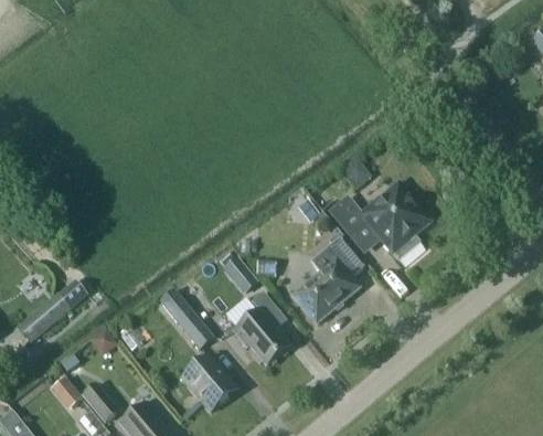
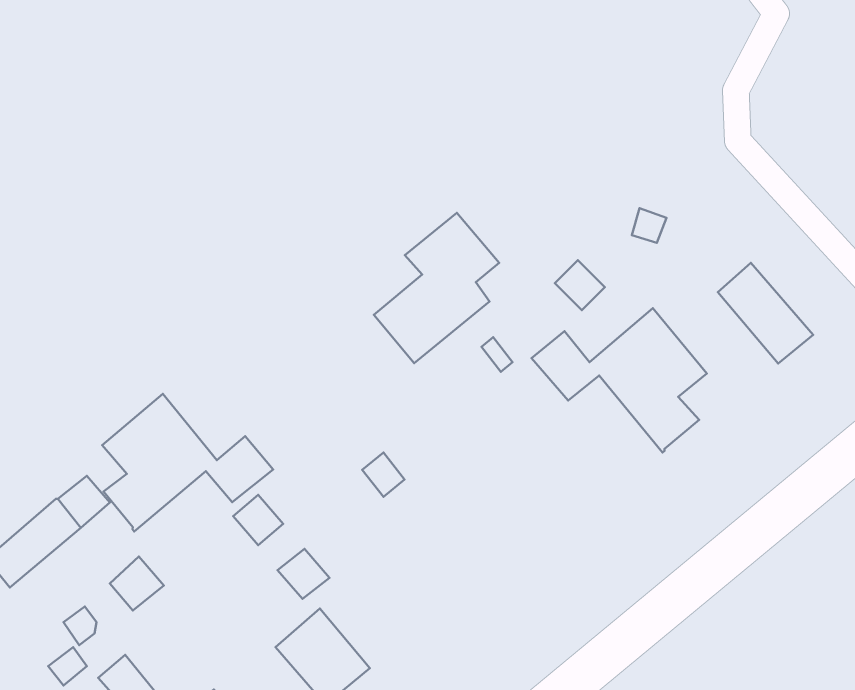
building: none -> [718,263,813,364]
building: none -> [102,394,273,531]
building: [292,236,364,322] -> [374,213,499,363]
building: [233,290,289,364] -> none

